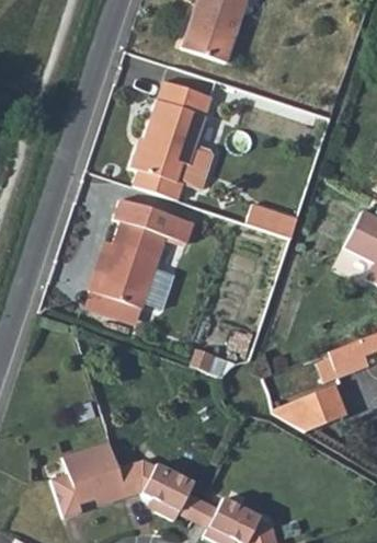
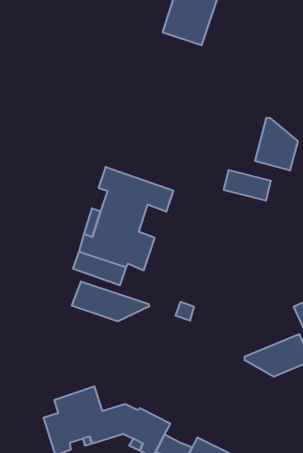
building: [132,81,221,203] -> none
building: none -> [255,118,298,171]
building: none -> [72,281,149,321]

